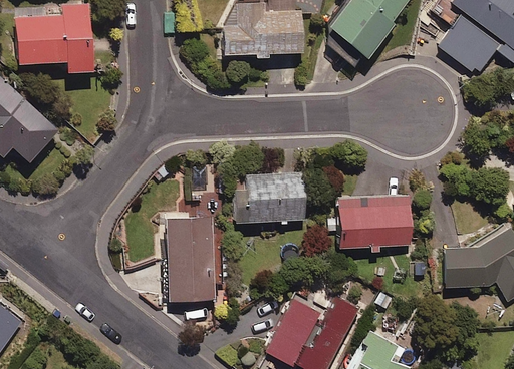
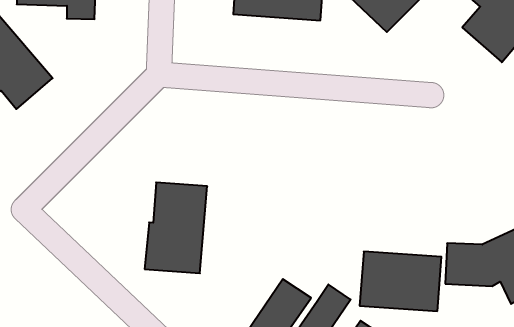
building: [233,172,304,223] -> none
building: [337,195,412,248] -> [360,252,441,311]

